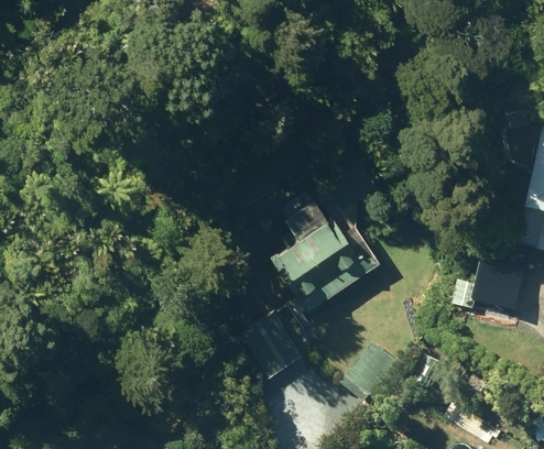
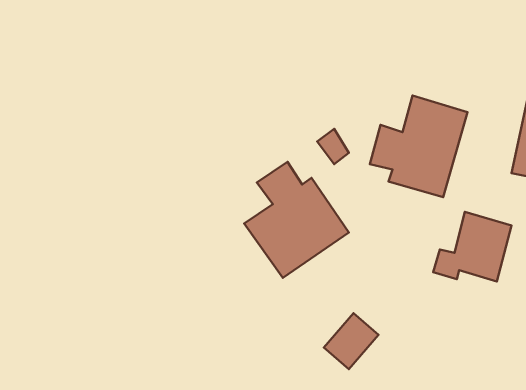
building: none -> [370,96,467,197]
building: [241,316,302,377] -> none

